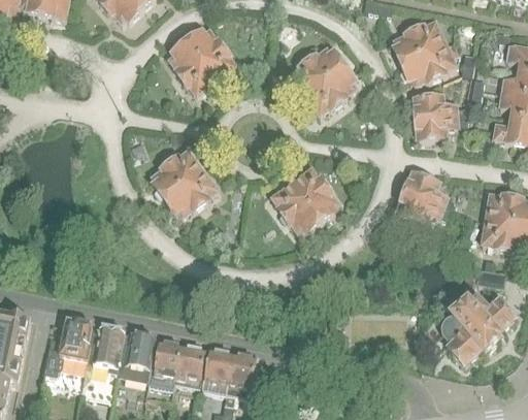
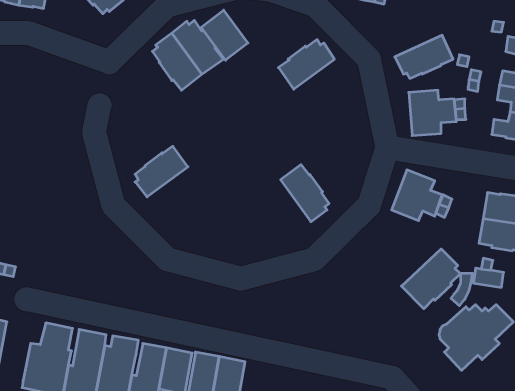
building: none -> [201,10,248,60]
building: [393,20,446,63] -> none
building: [303,65,355,114] -> none
building: [163,168,218,216] -> none
building: [271,181,320,232] -> none
building: none -> [401,249,461,309]

